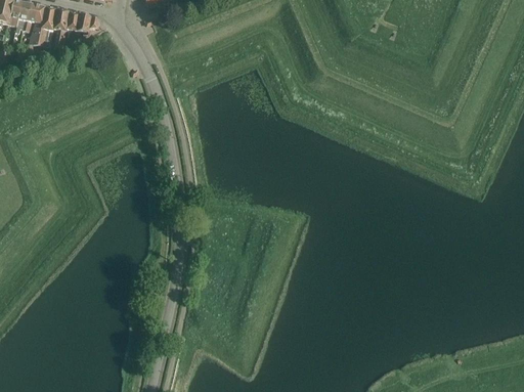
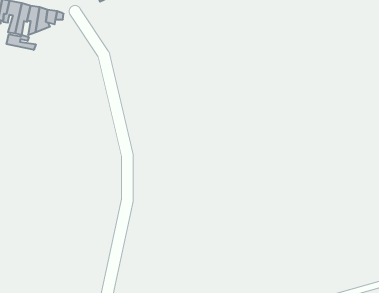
building: none -> [7,34,36,50]

